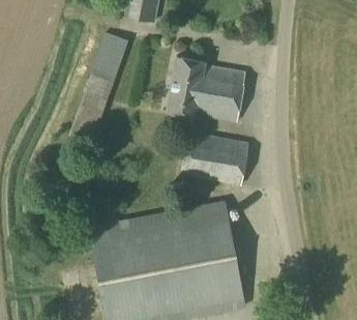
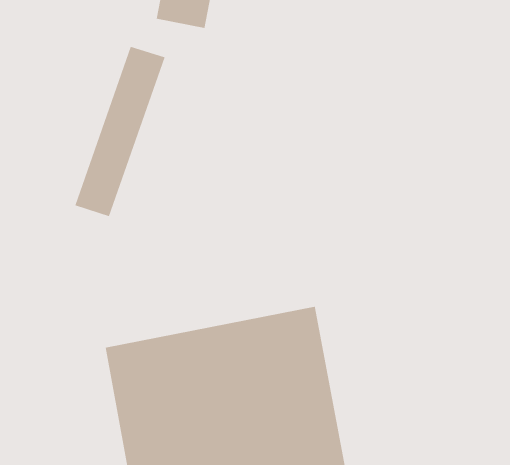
building: [166,56,248,185] -> none

